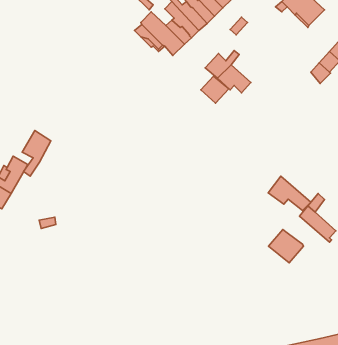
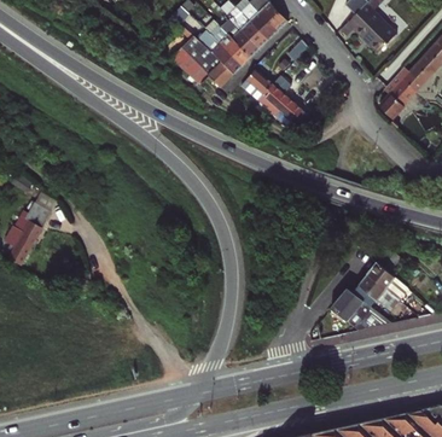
building: [201,76,229,103] -> [240,70,273,101]
building: [22,130,51,176] -> none
building: [268,176,311,210] -> [353,274,402,314]

